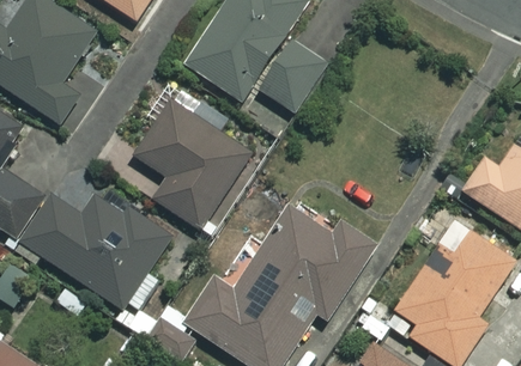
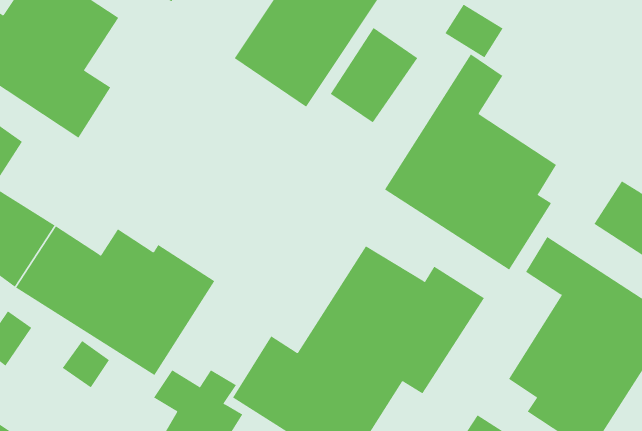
building: none -> [384,54,557,271]
building: [133,99,253,232] -> none

